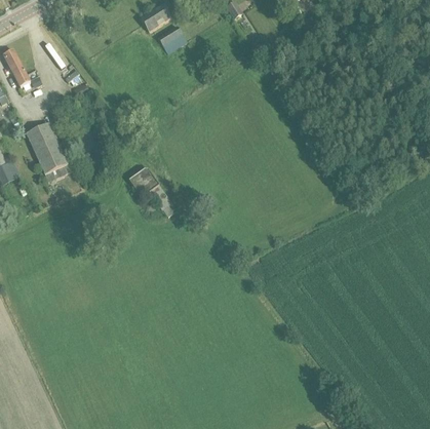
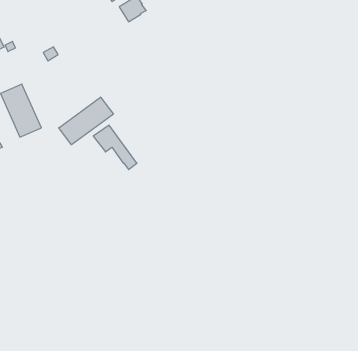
building: none -> [59,97,113,145]

